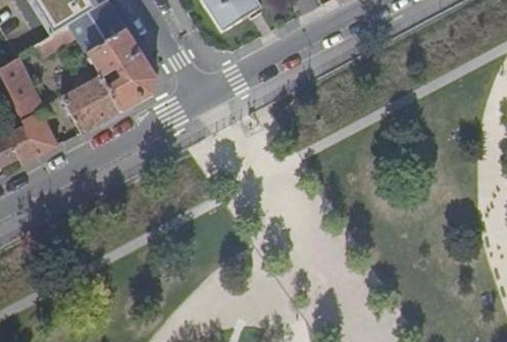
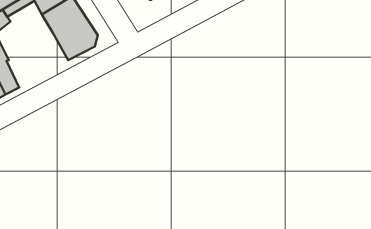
building: [60,76,119,132] -> none

